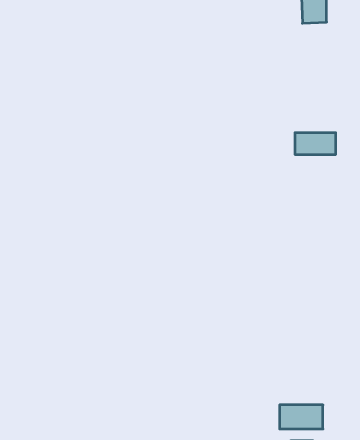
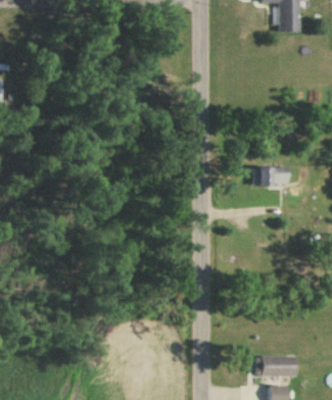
building: [295,133,336,154] -> [253,167,288,186]

